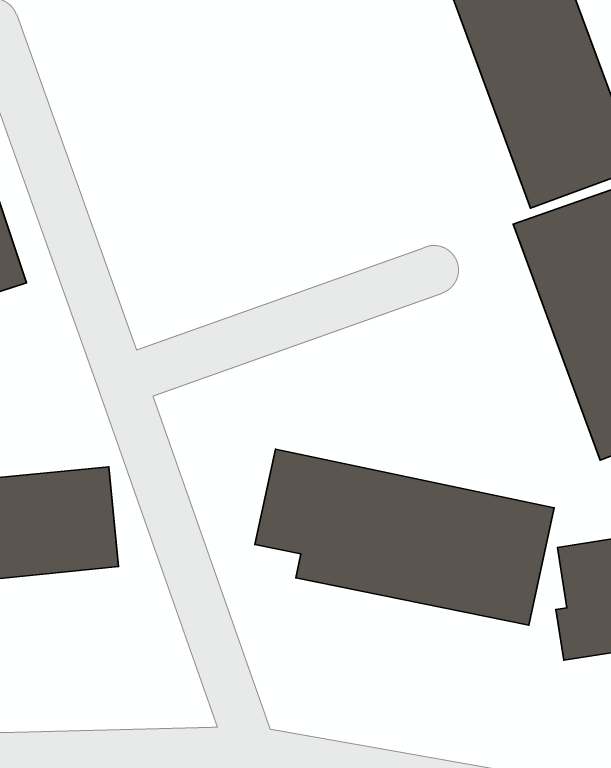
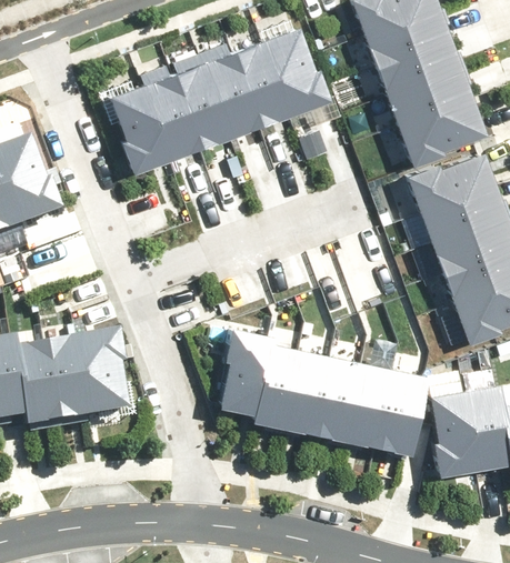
building: none -> [101,23,320,165]

